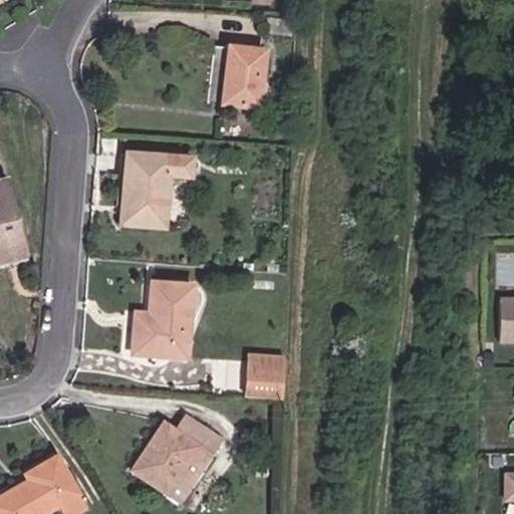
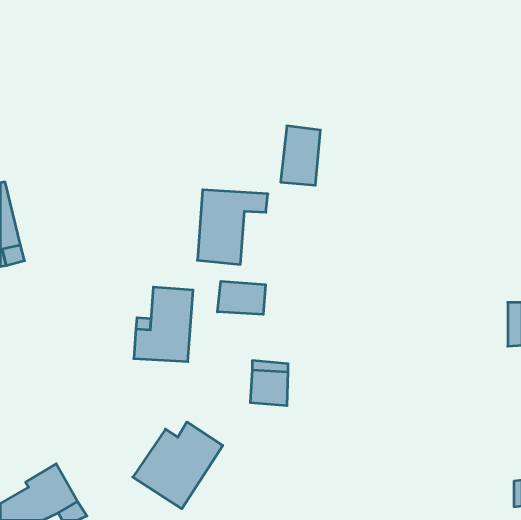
building: [225,46,264,104] -> [281,126,320,185]
building: [122,153,192,226] -> [197,190,268,264]
building: none -> [217,281,265,314]

